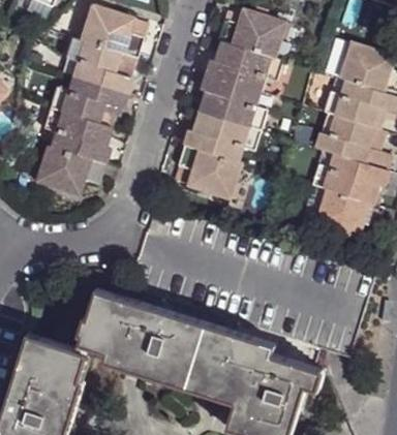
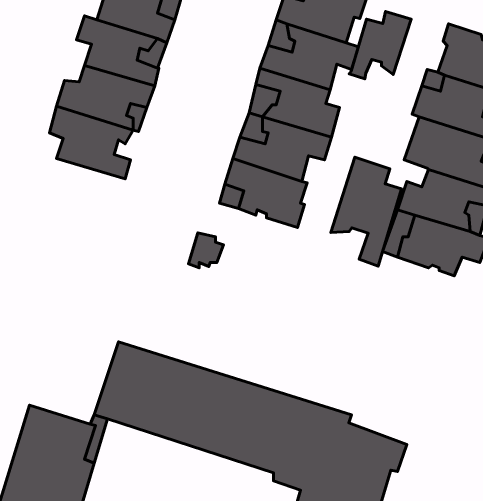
building: none -> [349,12,411,79]
building: none -> [331,157,402,266]
building: [33,148,102,194] -> none

